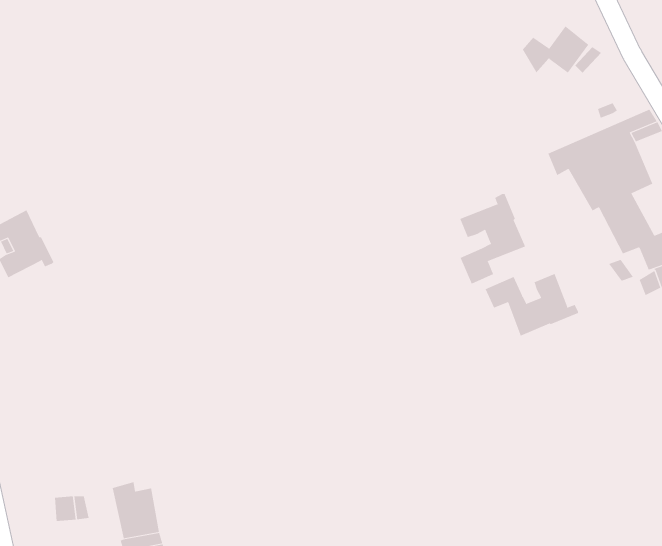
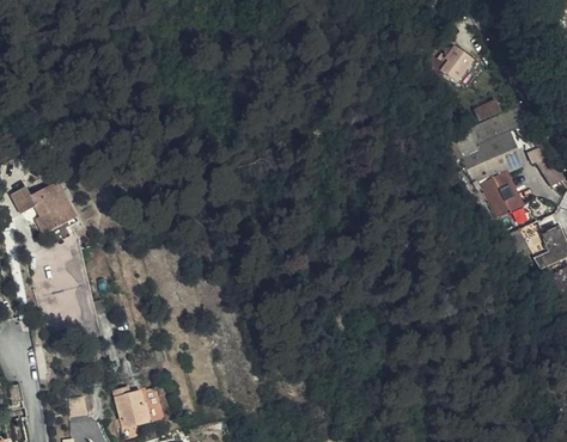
building: [459,193,526,284] -> none
building: [485,273,579,337] -> none

